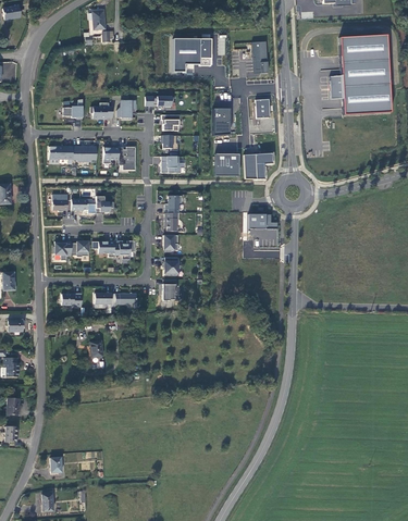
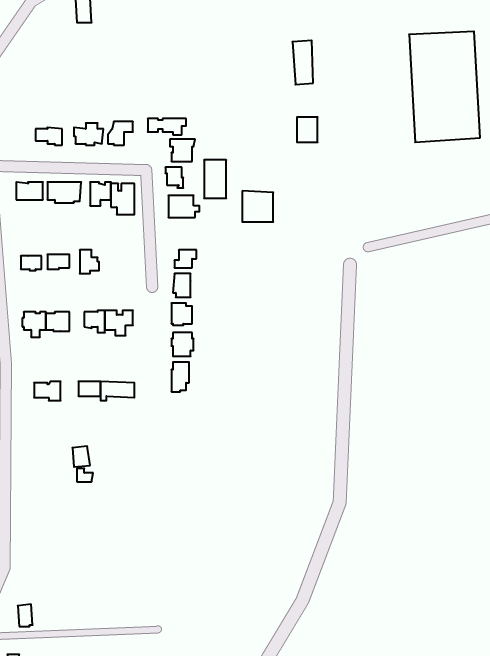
building: [174,37,213,72] -> none
building: [213,108,230,136] -> [204,160,226,198]
building: [245,152,274,178] -> none
building: [247,212,280,246] -> none

